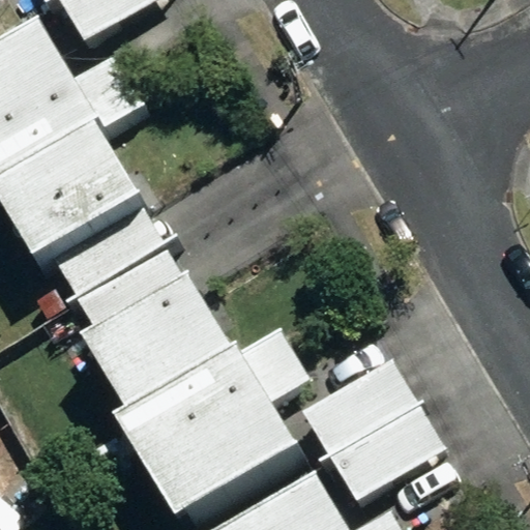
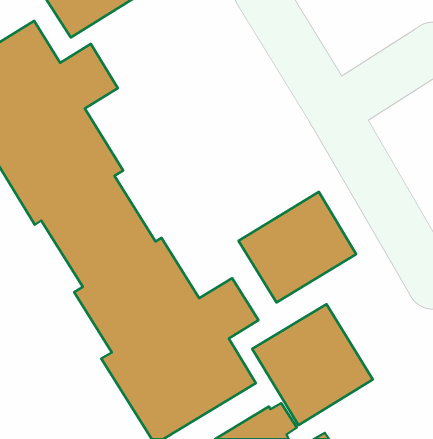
building: none -> [238,192,356,302]

